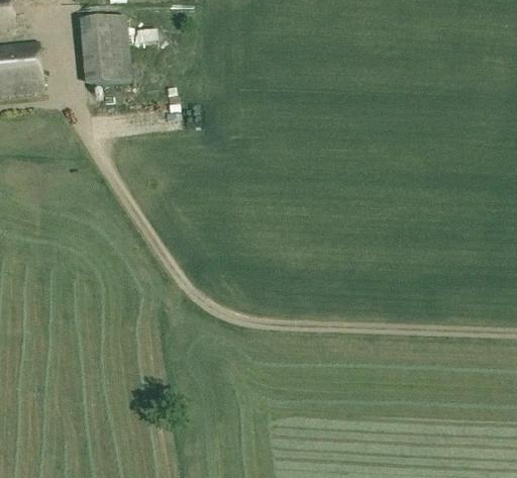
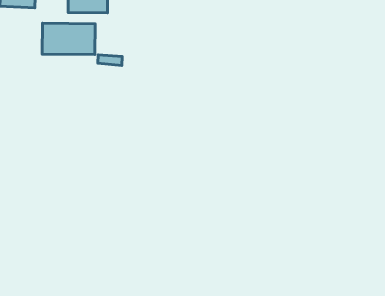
building: none -> [42,23,95,55]

